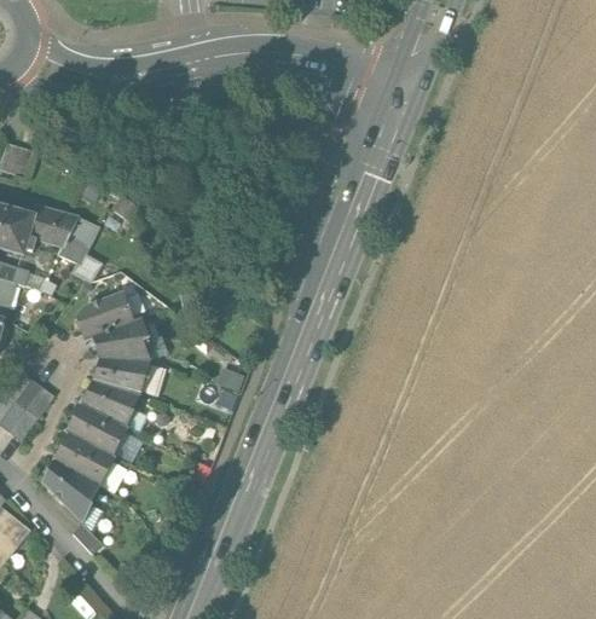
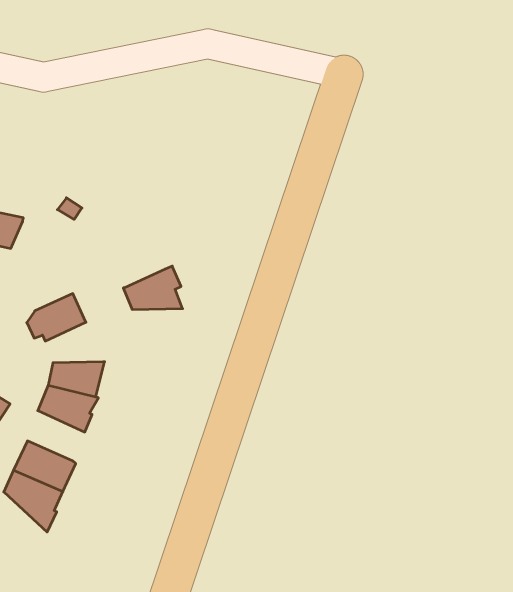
building: [60,219,96,264] -> none
building: [92,319,149,361] -> [123,266,183,309]
building: [66,405,127,457] -> none

